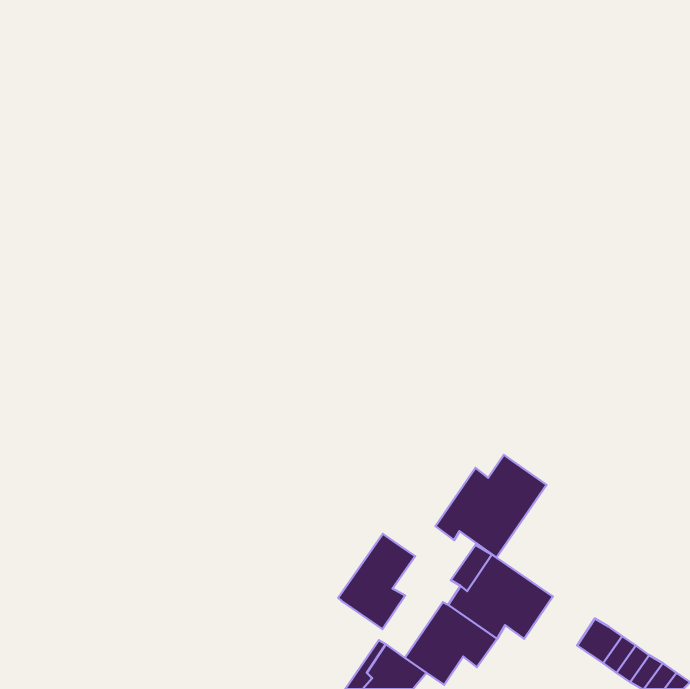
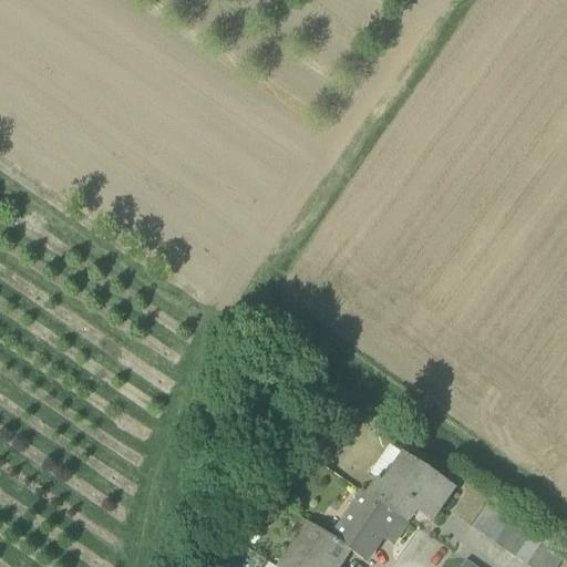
building: [435,455,546,558] -> none
building: [338,534,415,629] -> none

